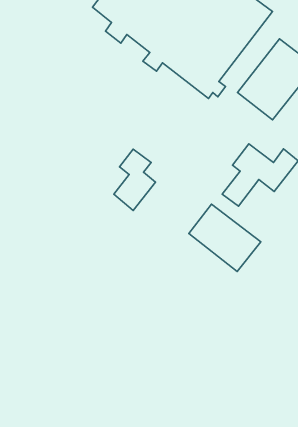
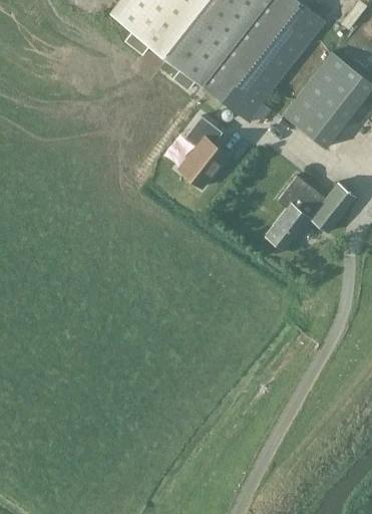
building: [114,149,155,210] -> [178,114,228,187]
building: [189,204,261,271] -> none

